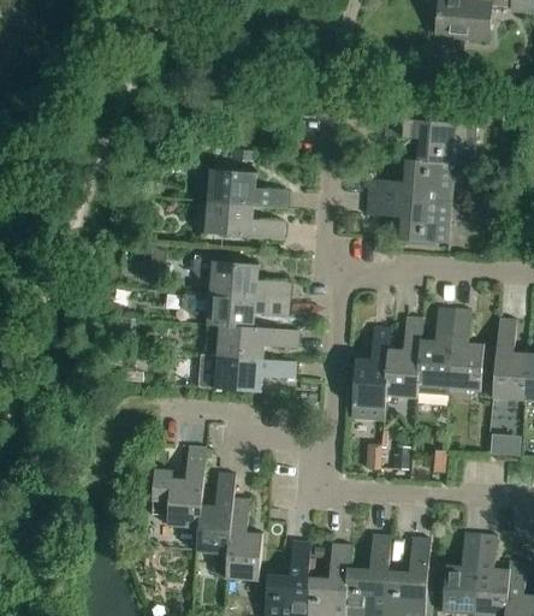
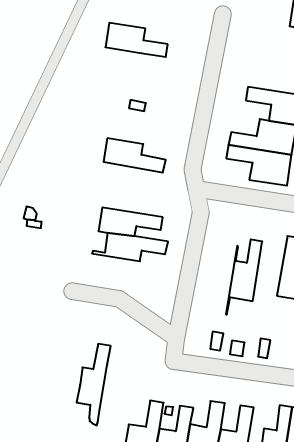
building: [207,170,289,208] -> [105,23,168,57]
building: [208,262,290,300] -> none
building: [416,309,455,399] -> none
building: [351,327,390,420] -> none
building: [197,355,296,392] -> none
building: [150,446,204,528] -> none
building: [226,499,262,581] -> none

